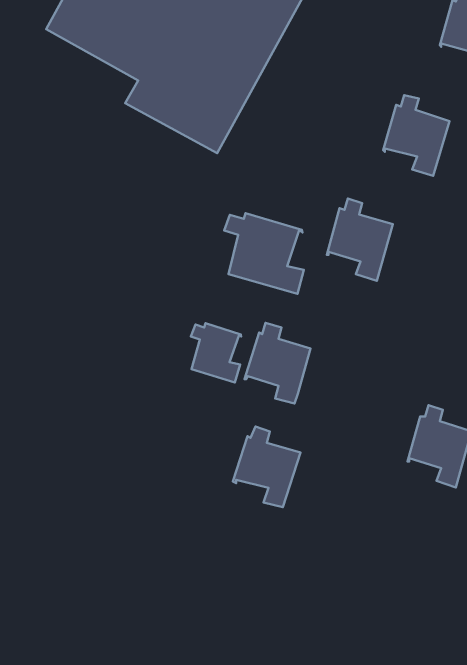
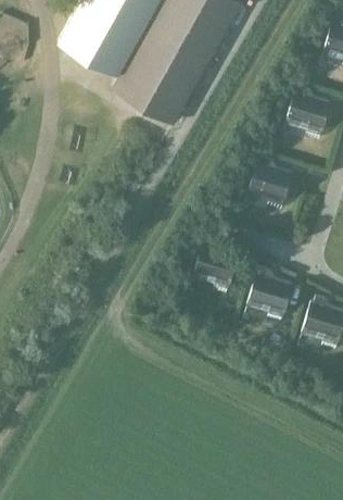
building: [224,213,304,294] -> none
building: [191,323,241,383] -> none
building: [233,427,301,507] -> [246,268,292,323]

